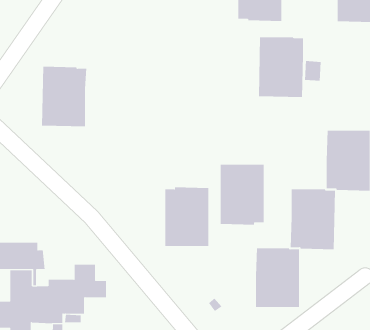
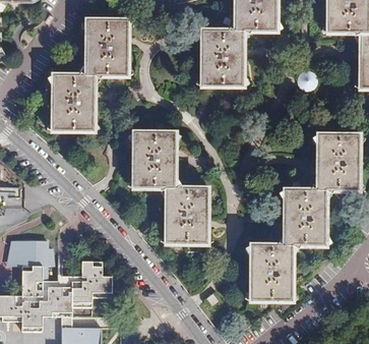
building: none -> [84,19,127,77]
building: [258,37,304,98] -> [200,32,243,89]
building: [220,164,265,225] -> [133,133,175,190]

